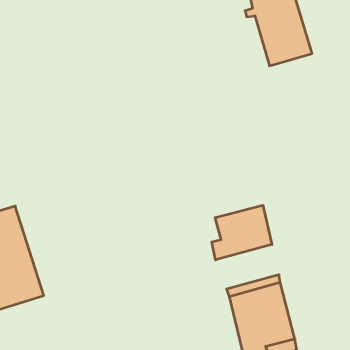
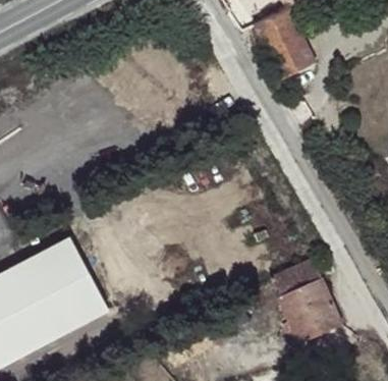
building: [212,205,272,260] -> none

